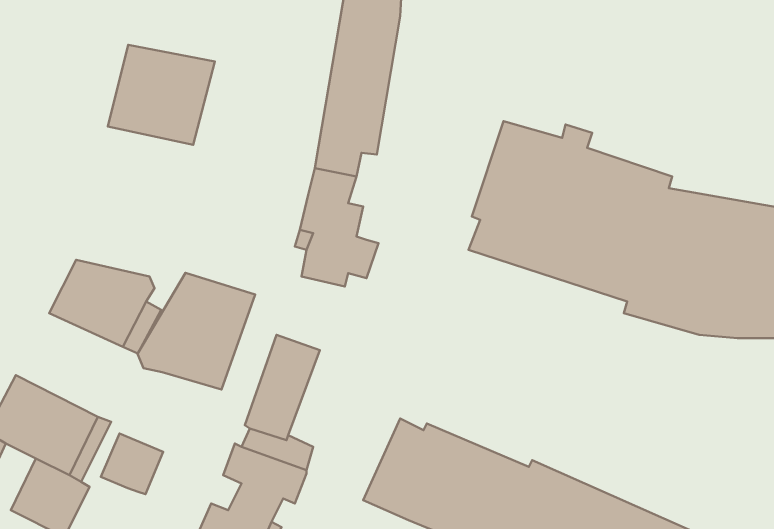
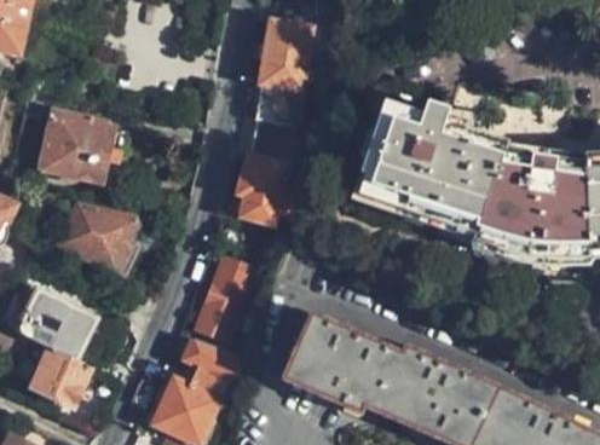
building: [108,45,215,145] -> [35,111,112,184]
building: [138,273,255,389] -> none
building: [101,433,163,494] -> none

